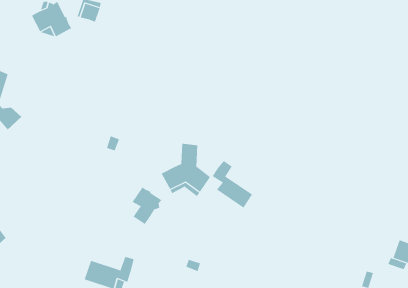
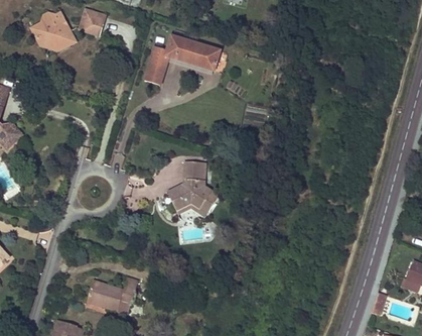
building: none -> [144,35,221,87]
building: [212,160,253,208] -> none
building: [132,186,162,225] -> none

